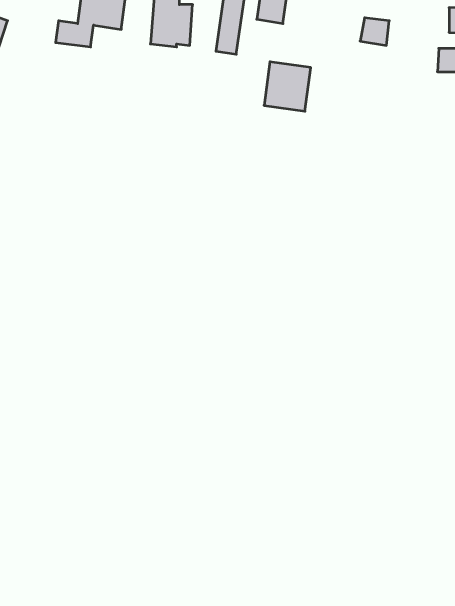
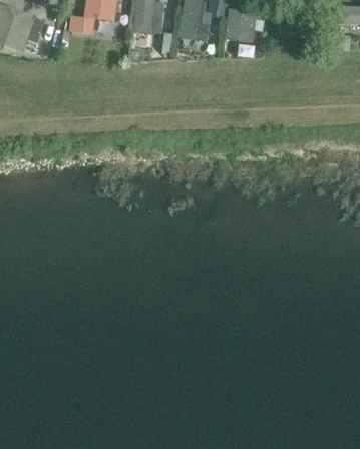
building: [264,62,311,111] -> [225,8,257,42]

